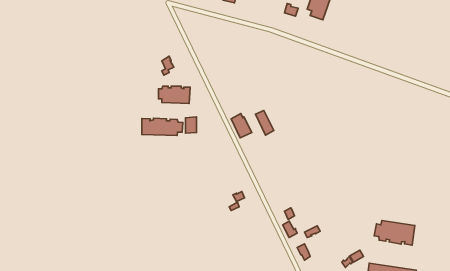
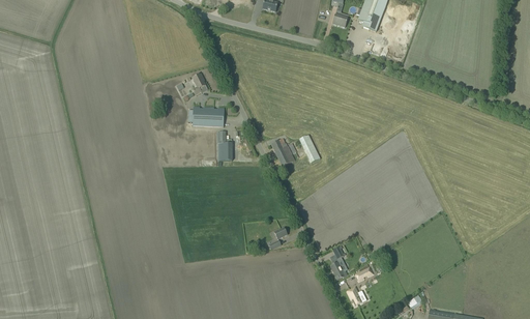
building: [142,118,183,136] -> none
building: [374,220,415,245] -> none

